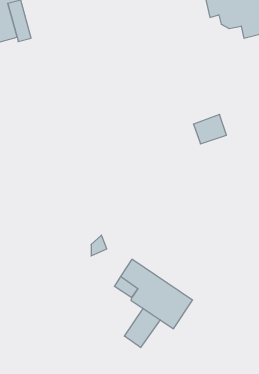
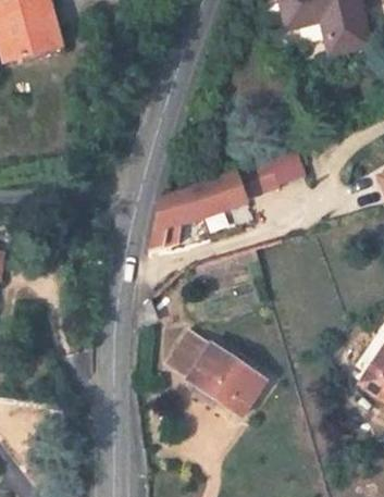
building: none -> [148,163,265,249]
building: [124,308,160,348] -> none

